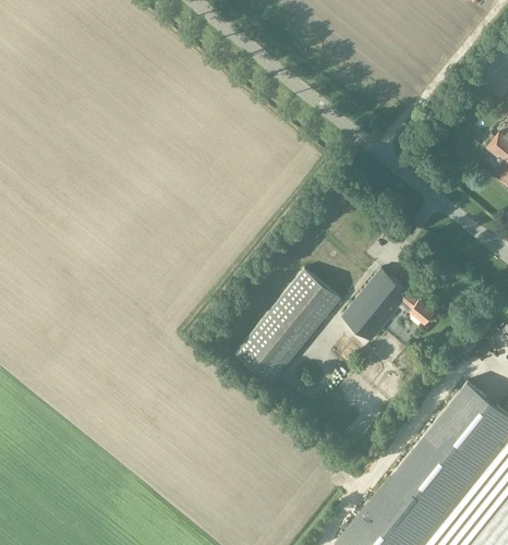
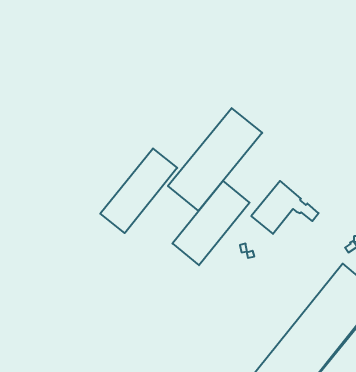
building: none -> [168,108,262,211]
building: none -> [100,148,177,233]

